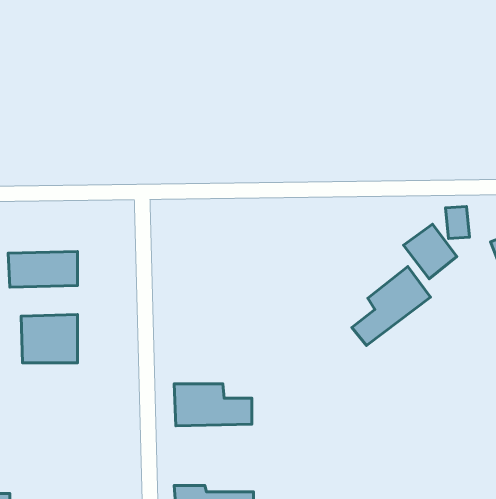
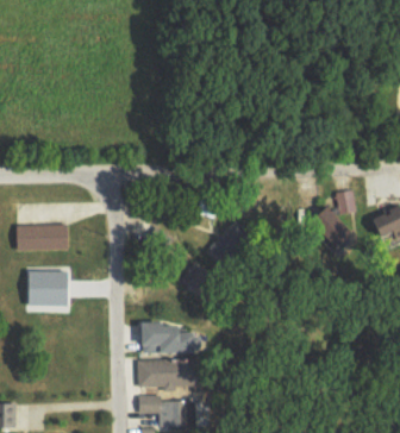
building: [352,266,430,346] -> none
building: none -> [138,358,204,388]

